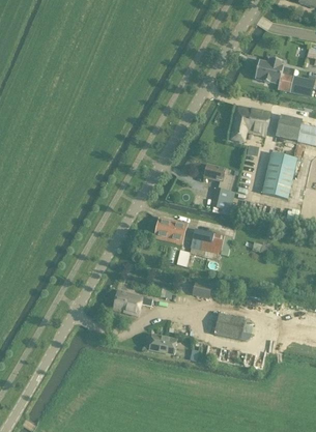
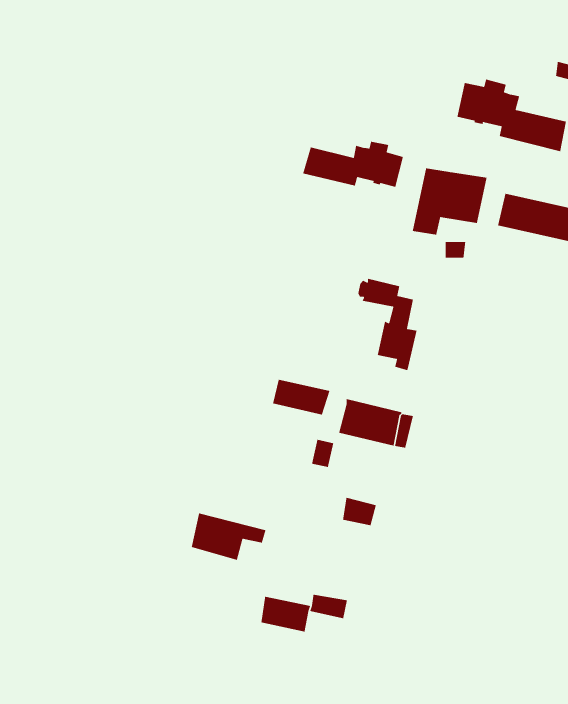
building: none -> [302,141,404,188]
building: [264,152,293,196] -> none
building: [213,314,245,339] -> none

